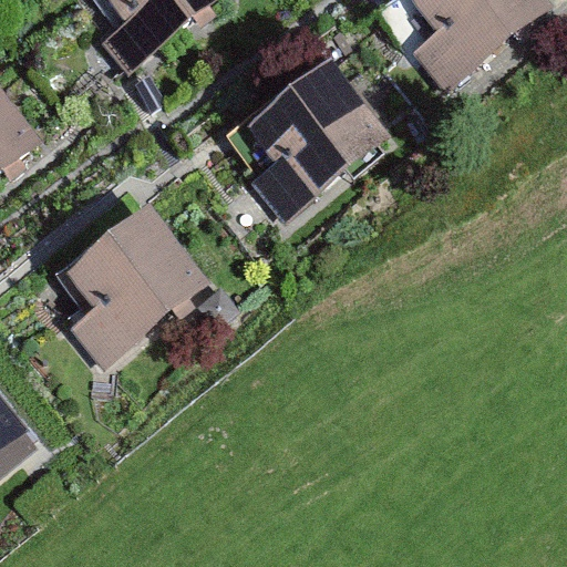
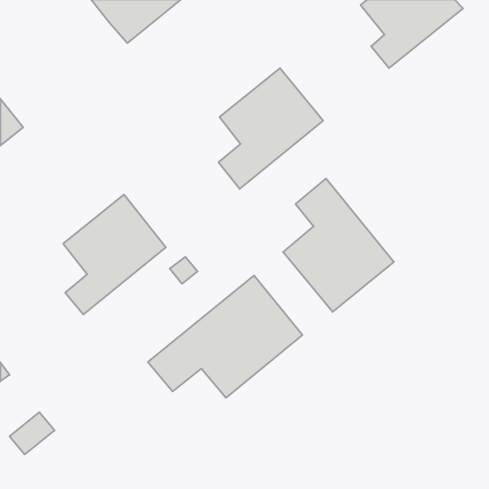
building: none -> [283,179,394,312]
building: none -> [148,276,302,398]

